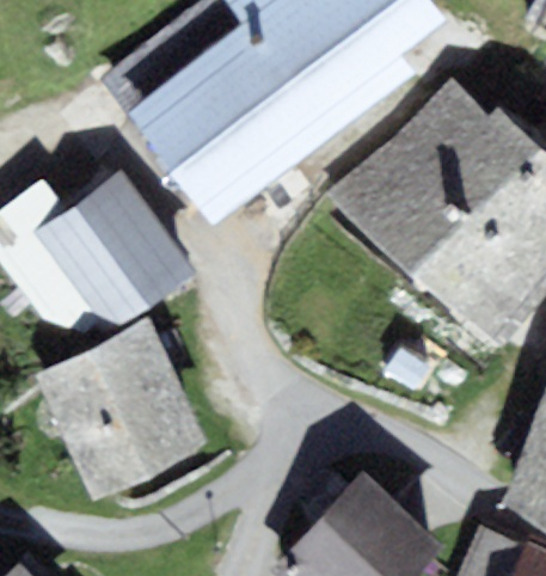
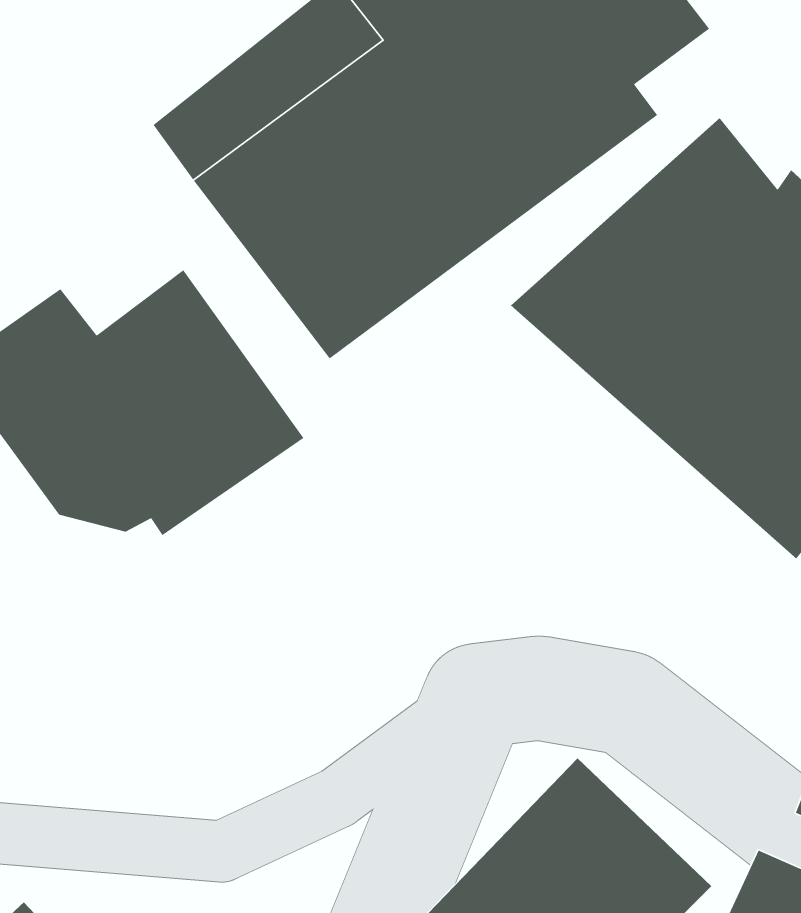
building: [35,320,210,504] -> none

